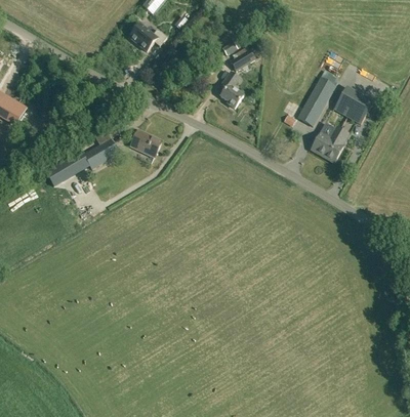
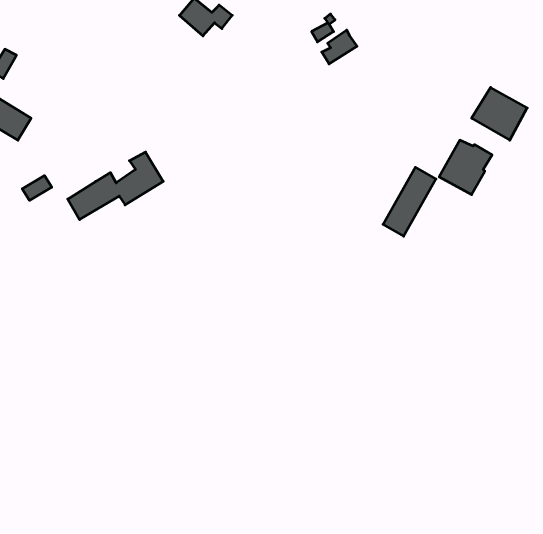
building: [221,71,244,108] -> none
building: [298,77,335,125] -> [383,167,436,236]
building: [131,129,162,157] -> none

